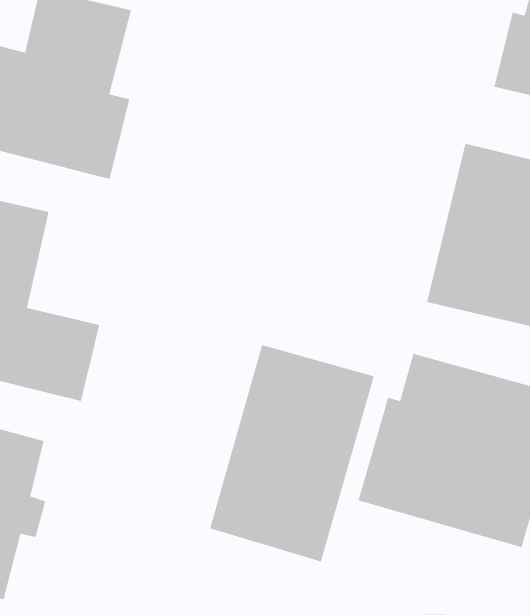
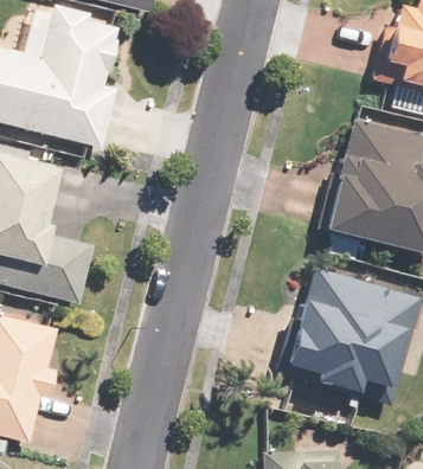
building: [209,344,375,563] -> none

